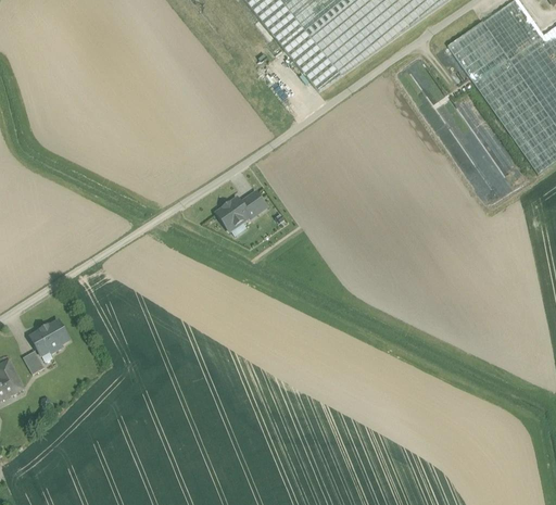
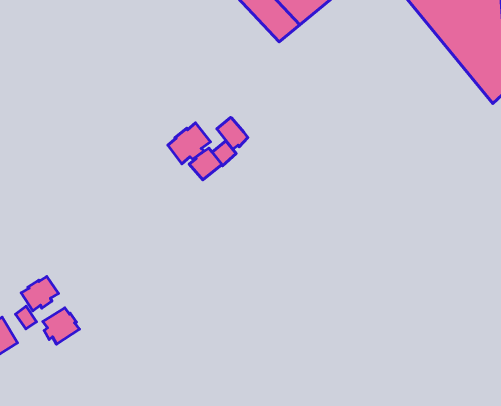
building: none -> [217,117,248,149]
building: none -> [168,123,210,164]
building: none -> [43,308,79,344]

